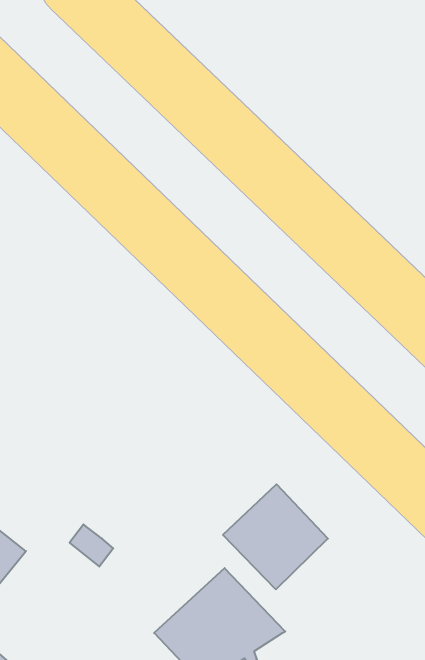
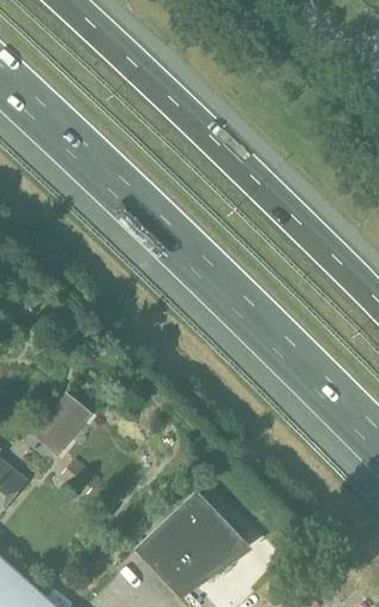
building: none -> [31,392,91,456]
building: [223,484,328,589] -> none

